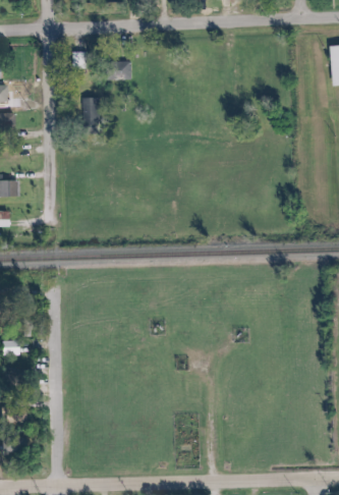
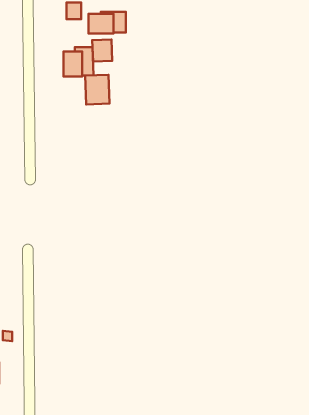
building: none -> [92,39,112,61]
building: none -> [85,75,110,104]

